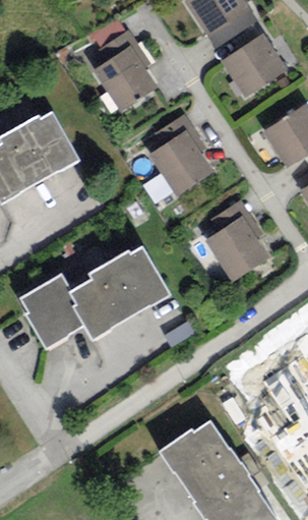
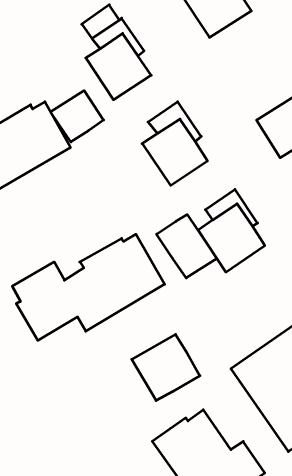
building: [220,32,289,98] -> none
building: none -> [51,91,104,142]
building: none -> [157,215,217,278]
building: none -> [132,334,200,401]

